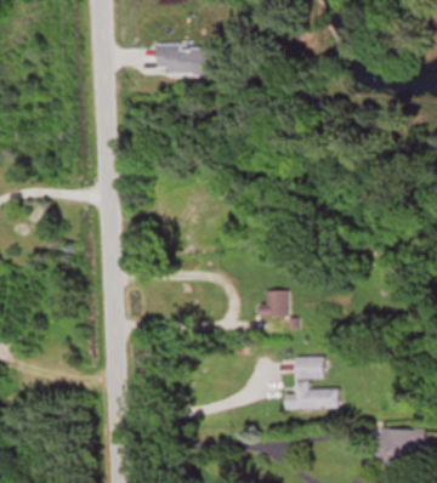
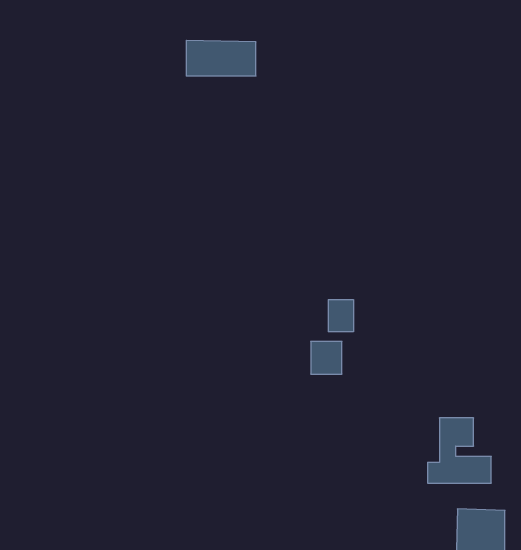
building: none -> [328,300,353,332]
building: [285,356,337,409] -> [428,418,491,483]

